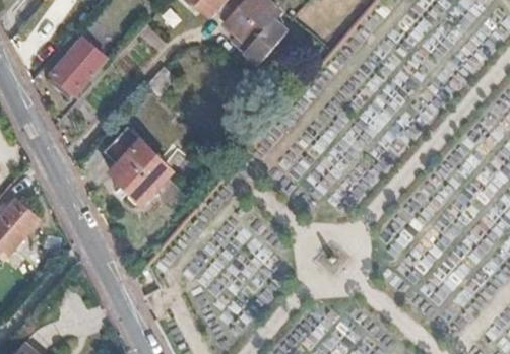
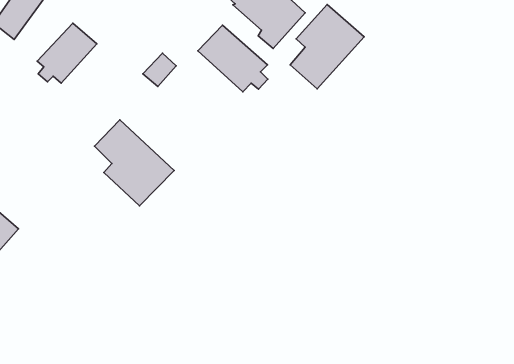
building: none -> [290,5,364,89]
building: none -> [198,25,268,92]

